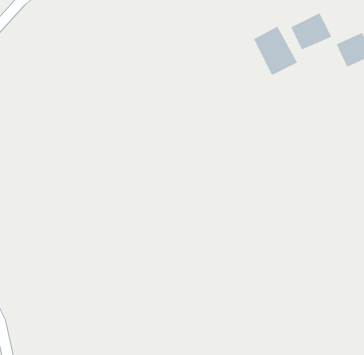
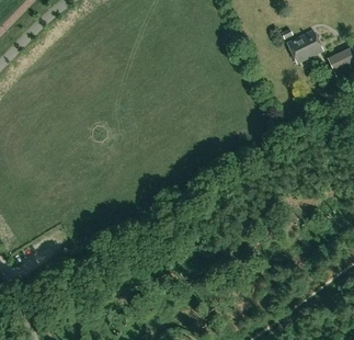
building: [253,26,298,76] -> none

